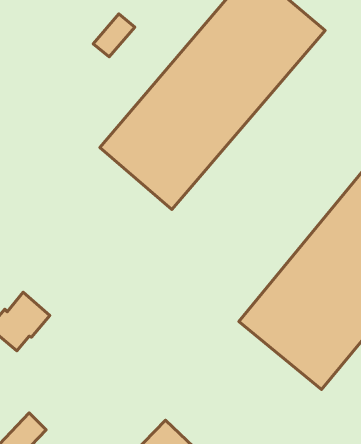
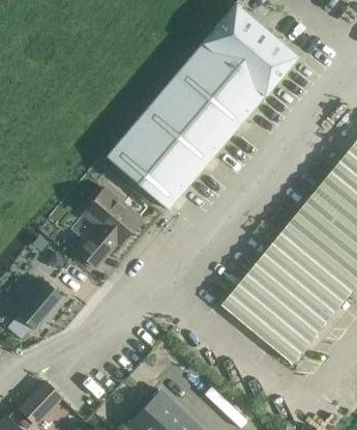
building: [93,14,135,57] -> none
building: none -> [77,188,141,267]

